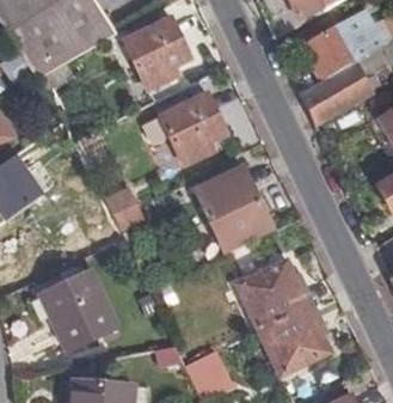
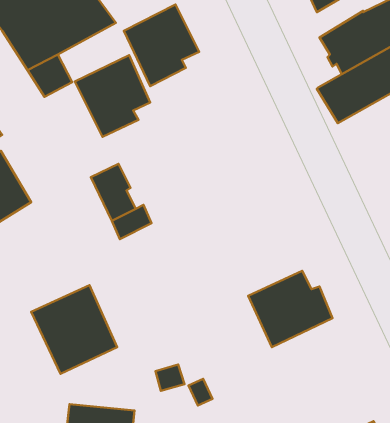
building: [159,91,227,165] -> [75,55,150,137]
building: [196,167,263,240] -> none
building: [258,301,330,374] -> none

